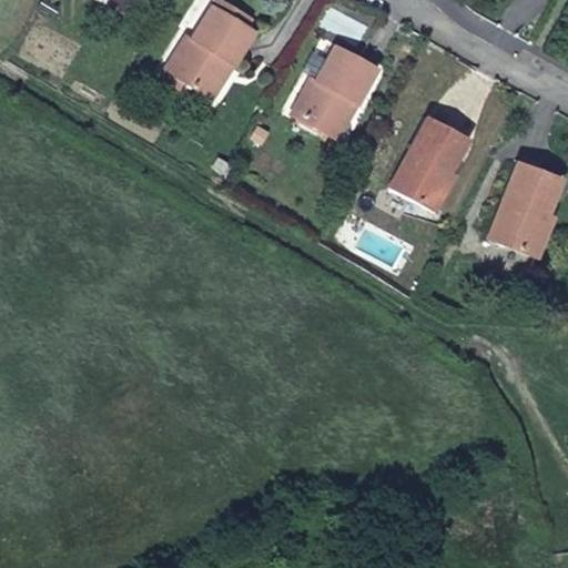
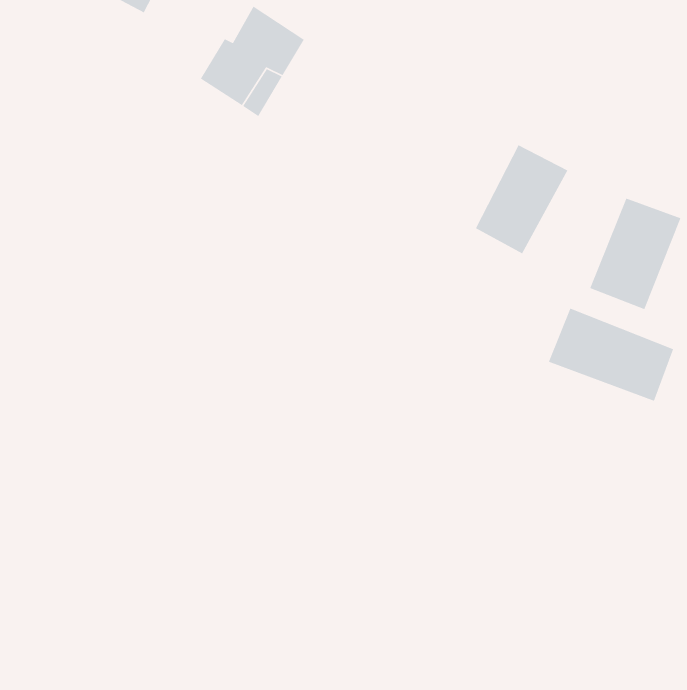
building: [297,43,377,135] -> none
building: none -> [548,307,674,402]

